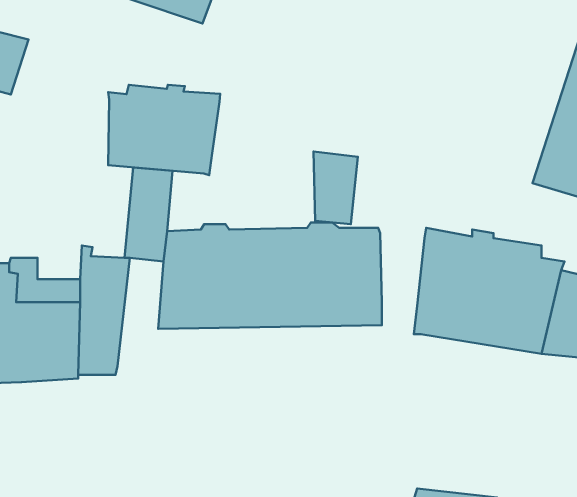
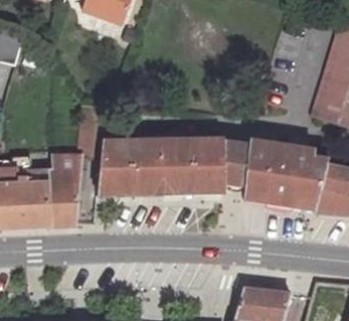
building: [108,85,220,175] -> none
building: [314,151,358,224] -> [224,143,249,184]

